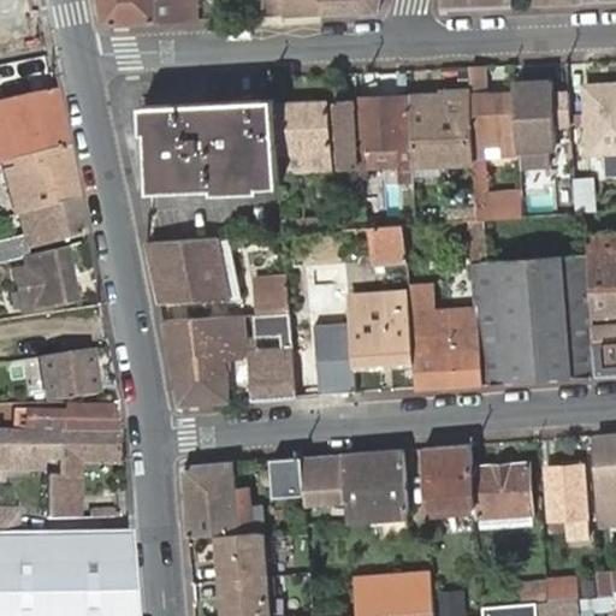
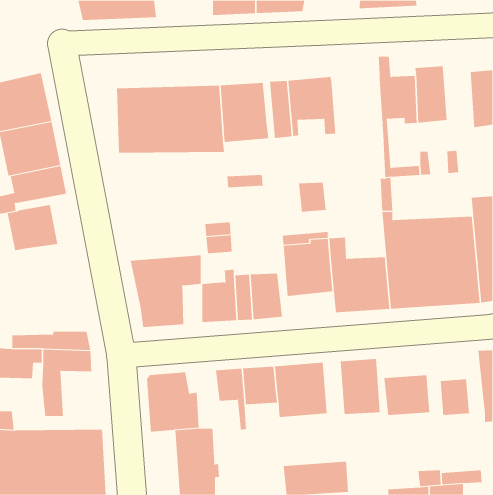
building: [411,91,475,171] -> none
building: [144,237,238,306] -> none
building: [40,351,93,401] -> none

